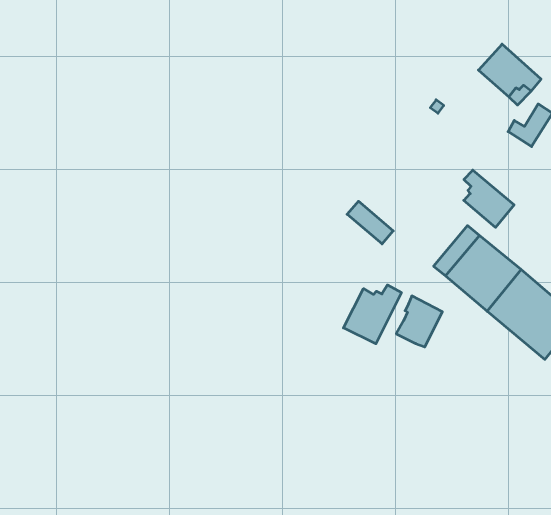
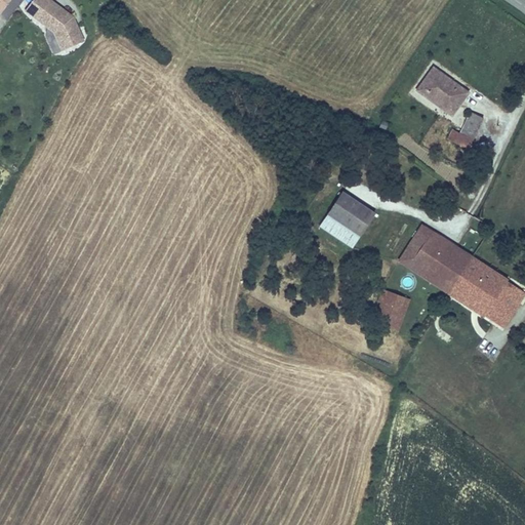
building: [464,170,514,227] -> none
building: none -> [327,190,376,235]
building: [343,285,401,344] -> none

